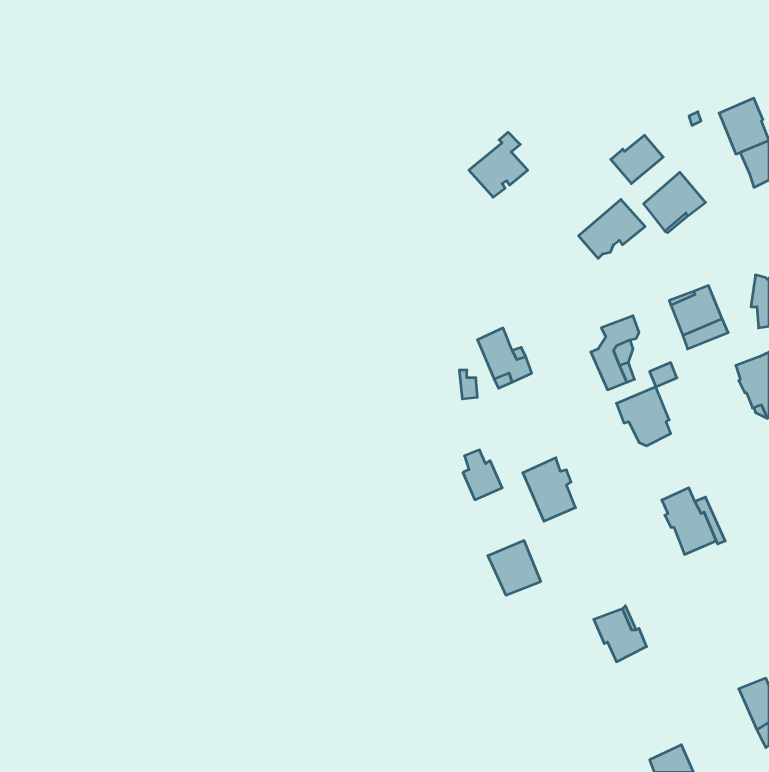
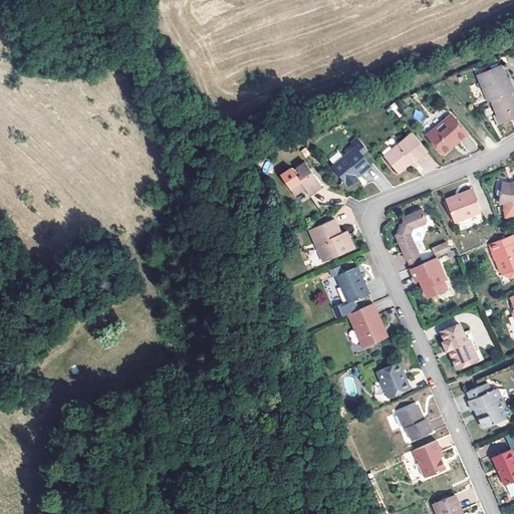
building: [469,132,528,197] -> [332,141,371,184]
building: [611,135,663,184] -> none
building: none -> [281,162,321,195]
building: [463,450,502,500] -> [342,268,368,301]
building: [488,541,541,595] -> [373,362,409,399]
building: none -> [466,383,505,428]
building: none -> [411,440,444,479]

